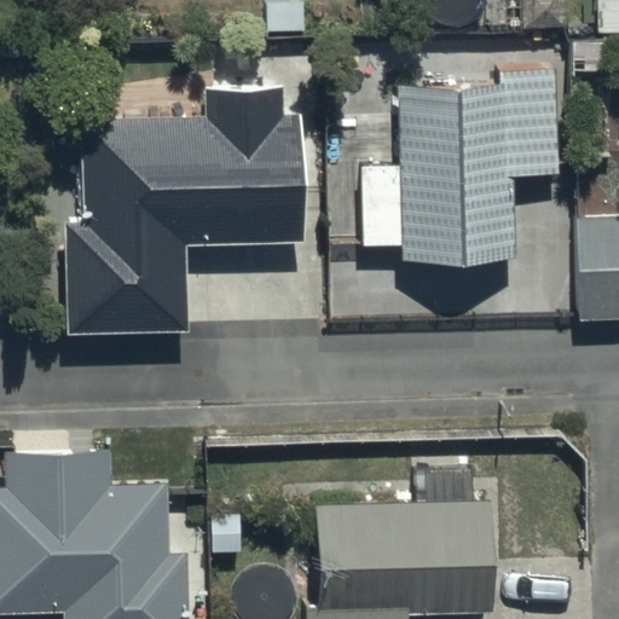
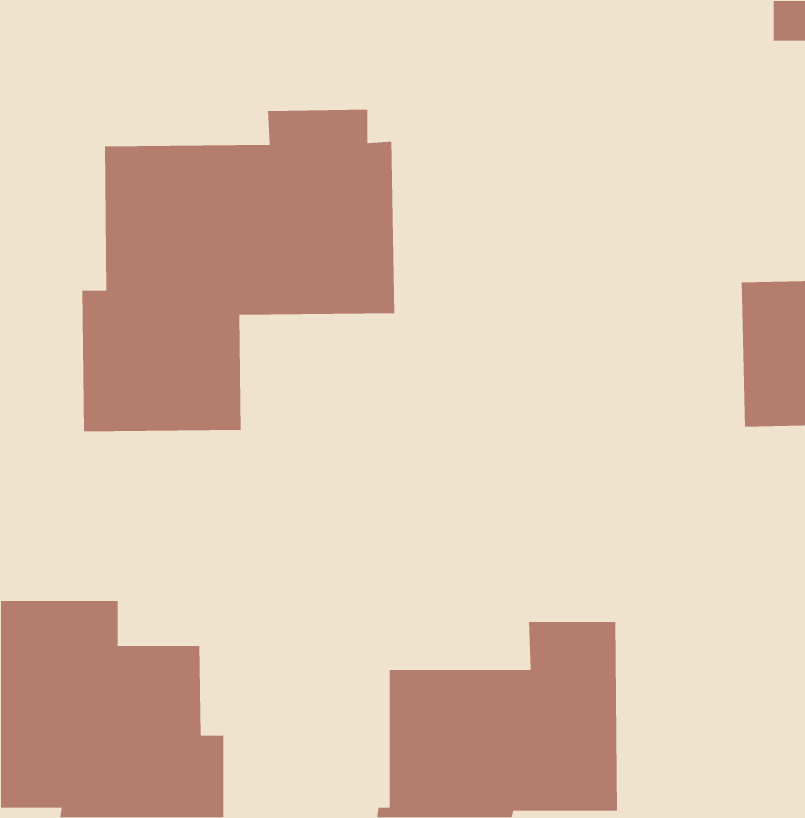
building: [364,63,565,274] -> none

